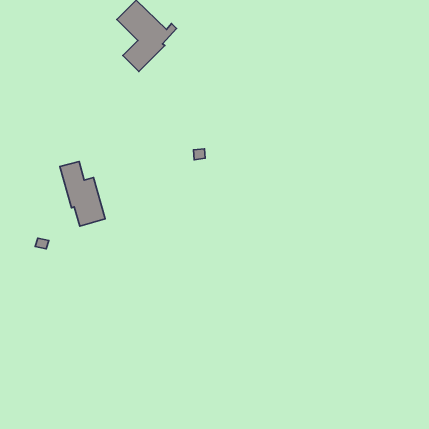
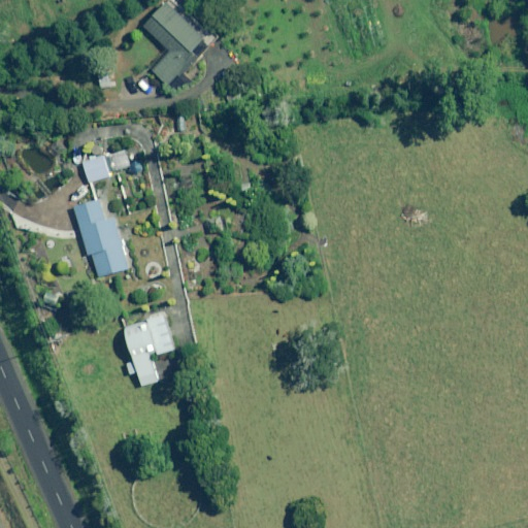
building: none -> [82,150,130,183]
building: none -> [125,314,174,387]

